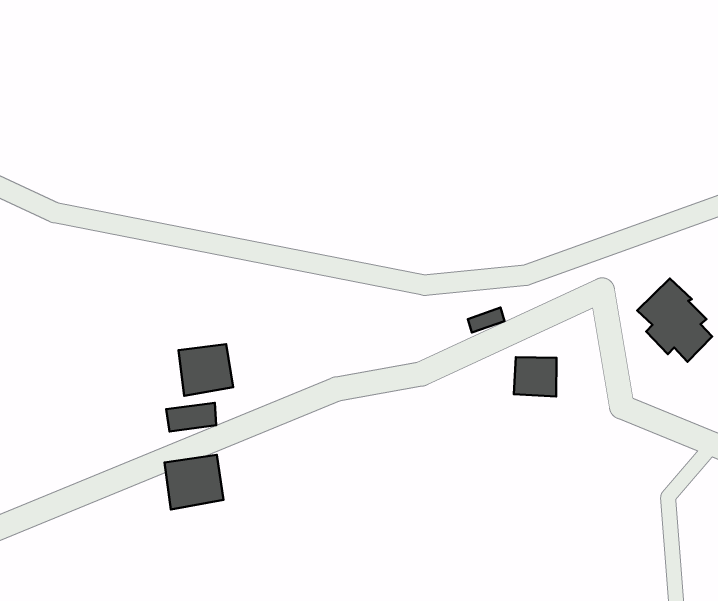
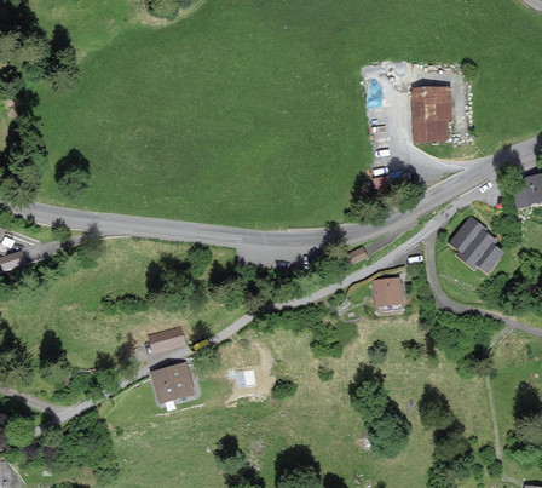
building: none -> [414,87,451,140]
building: [179,344,233,396] -> none

